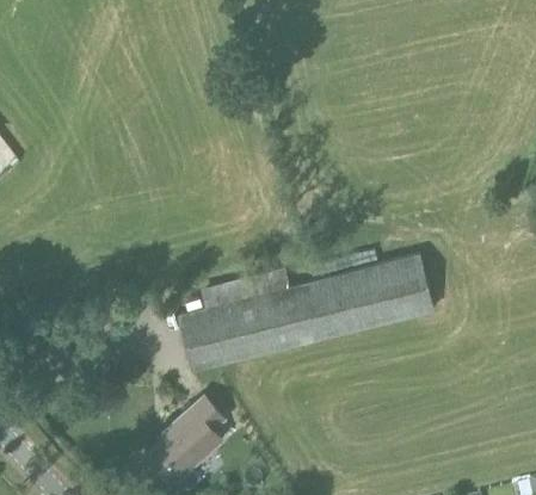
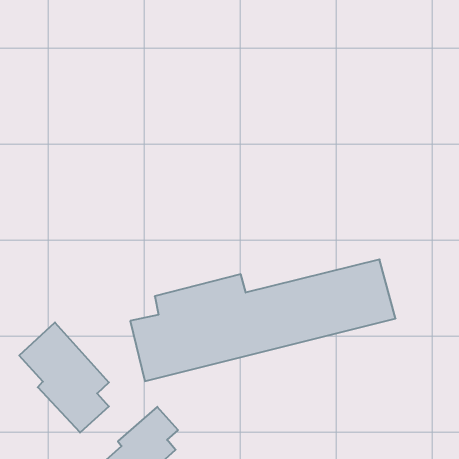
building: none -> [19,322,109,433]

